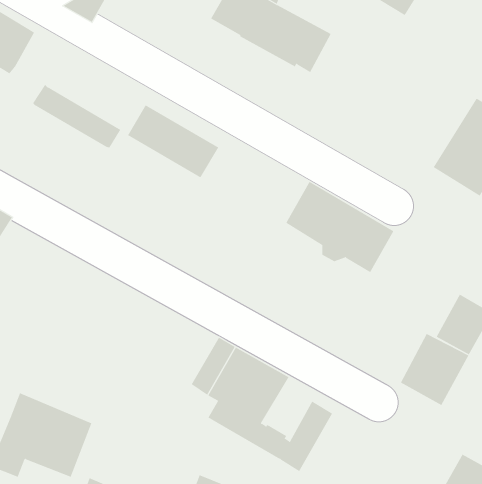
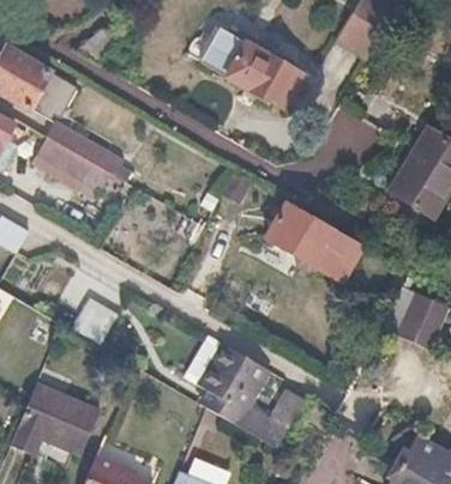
building: none -> [32,72,78,119]
building: [127,105,219,178] -> [32,134,112,198]
building: none -> [72,300,118,346]
building: [400,333,469,406] -> none

